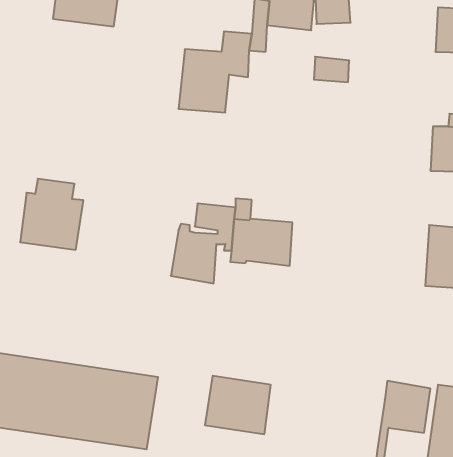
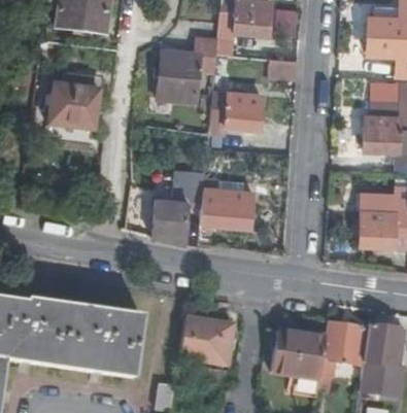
building: none -> [209,92,261,134]
building: [20,179,83,250] -> [50,73,102,131]
building: none -> [273,330,327,378]

